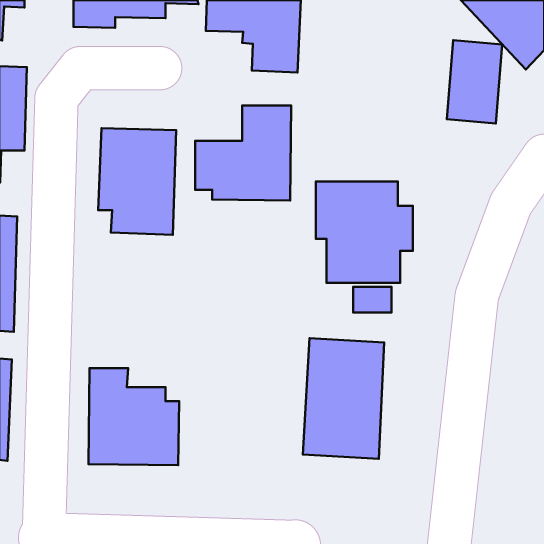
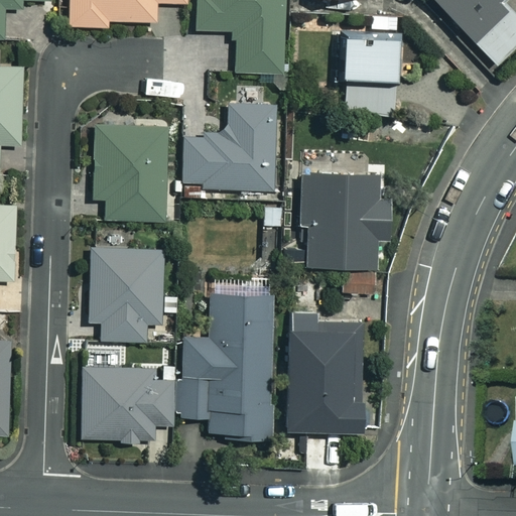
building: [447,40,502,124] -> [344,37,396,116]
building: none -> [90,246,162,340]
building: none -> [184,288,272,439]

